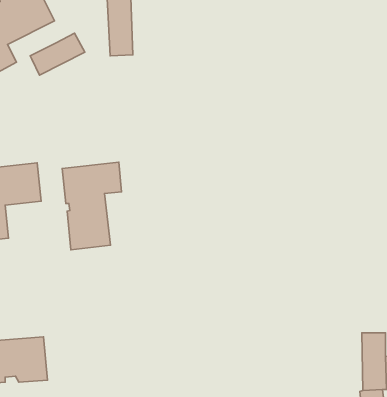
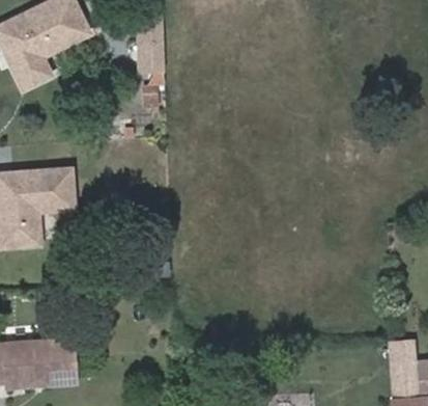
building: [30,33,85,75] -> none
building: [62,162,122,250] -> none

